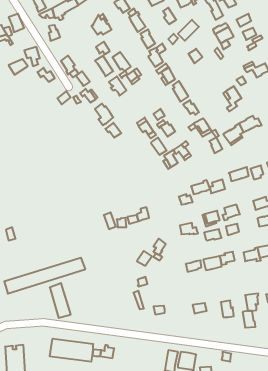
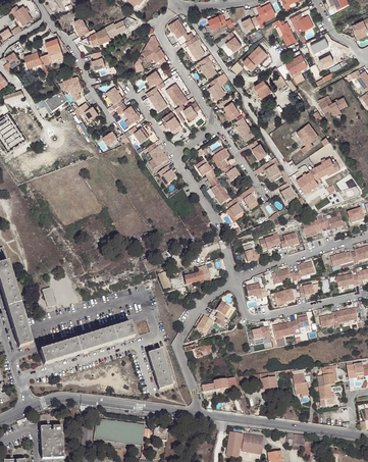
building: [50,283,71,318] -> [148,349,172,390]

